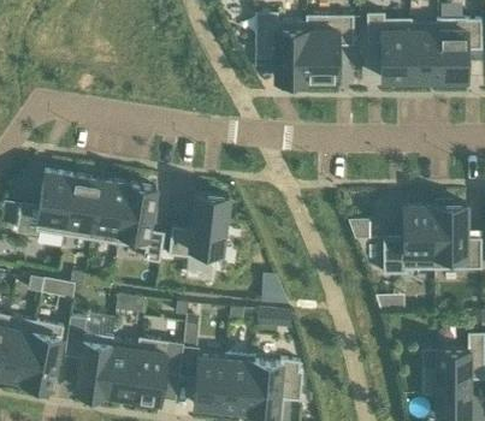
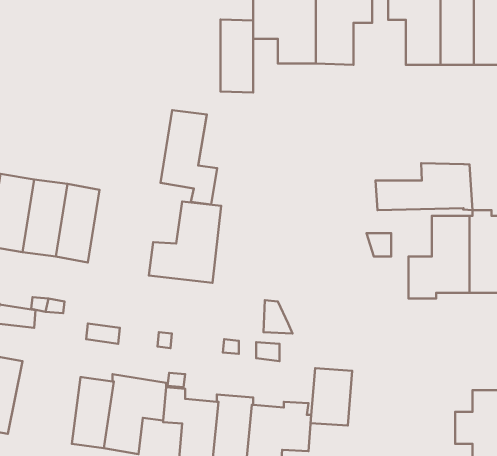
building: none -> [221,20,253,93]
building: none -> [375,163,472,210]
building: [118,184,165,262] -> [161,110,217,205]
building: [65,316,113,395] -> none
building: none -> [311,368,352,426]

